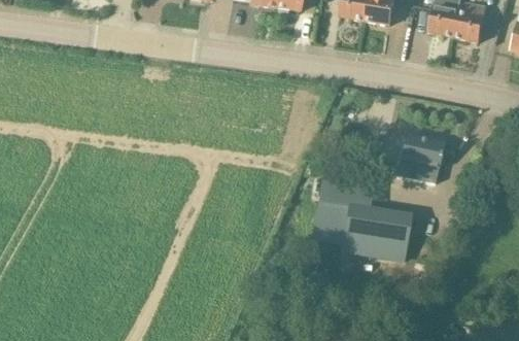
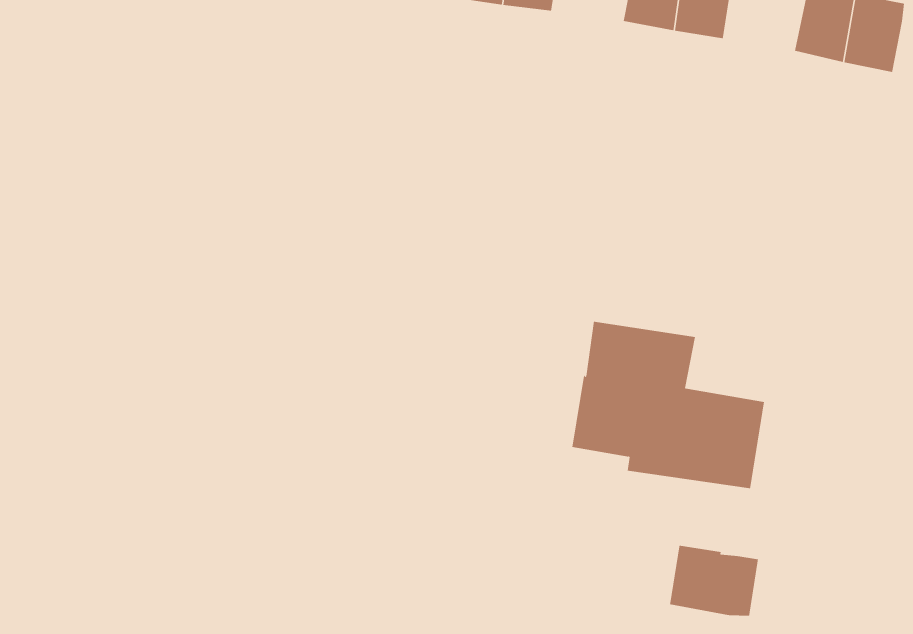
building: [396,136,443,183] -> none
building: none -> [670,545,758,617]

